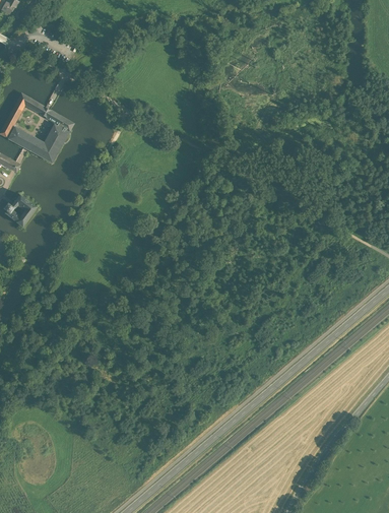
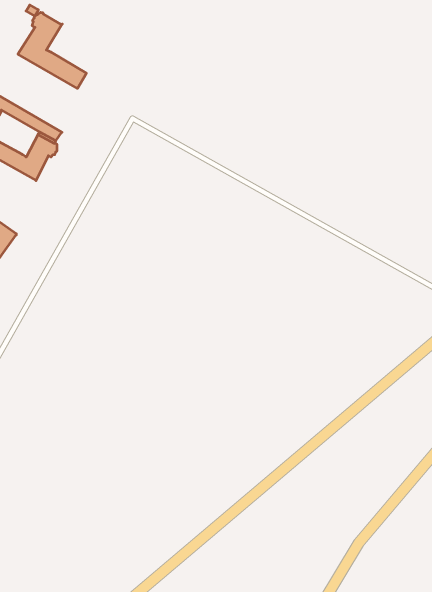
building: none -> [18,12,86,88]

